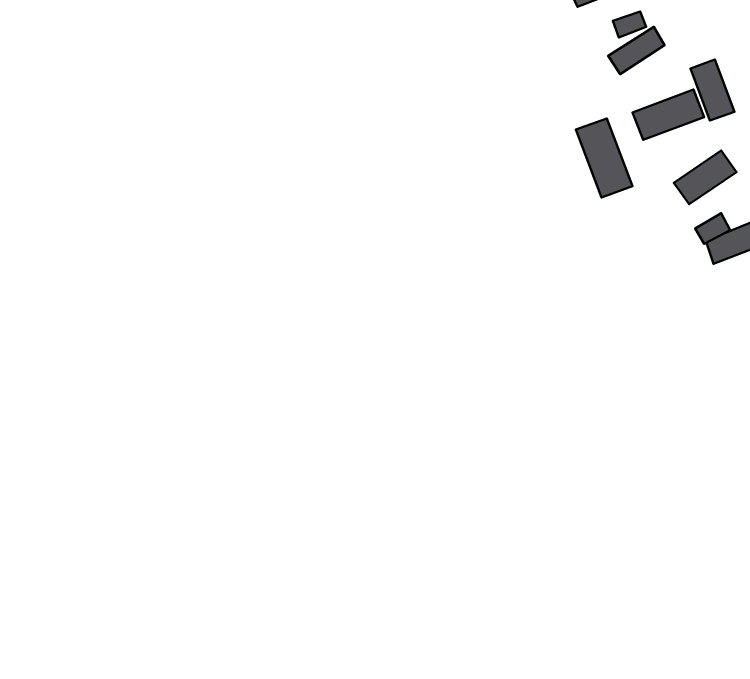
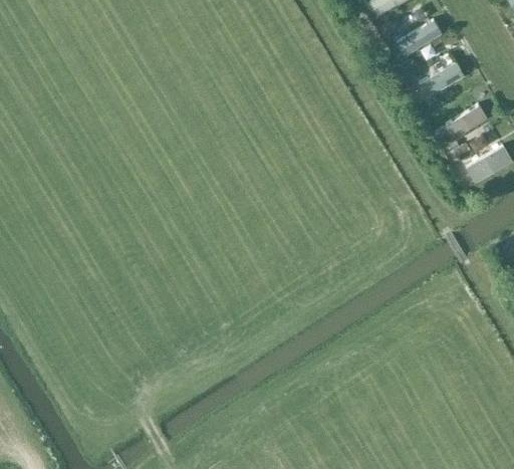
building: [690,60,734,121] -> none
building: [576,118,632,197] -> none

